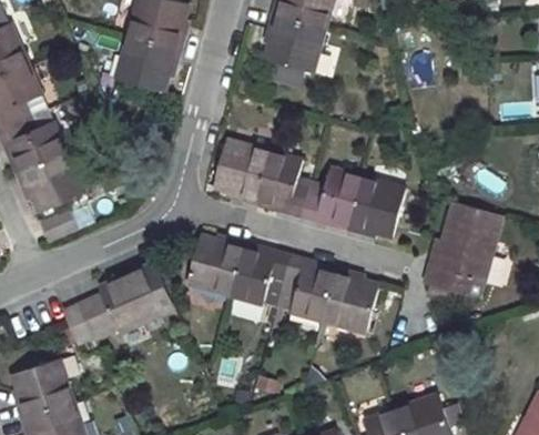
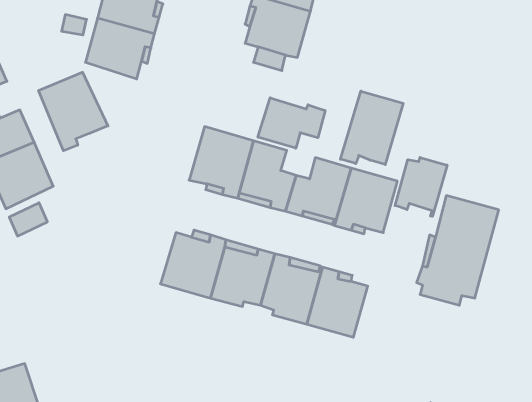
building: none -> [39,72,108,151]
building: none -> [340,91,403,165]
building: none -> [258,98,325,148]
building: none -> [395,157,447,216]
building: [61,262,175,343] -> none

